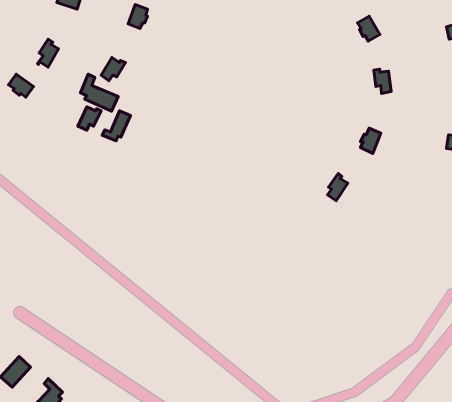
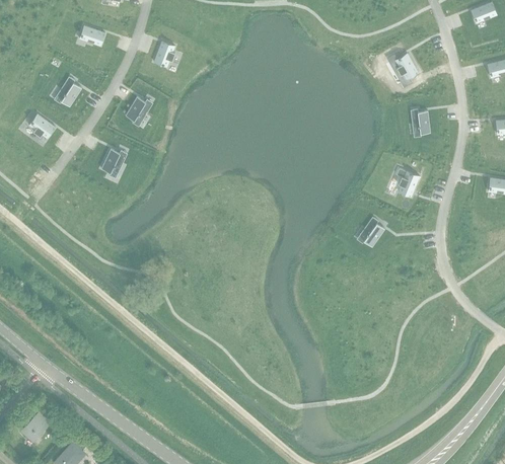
building: [80,74,118,111] -> none
building: [102,111,131,141] -> none

